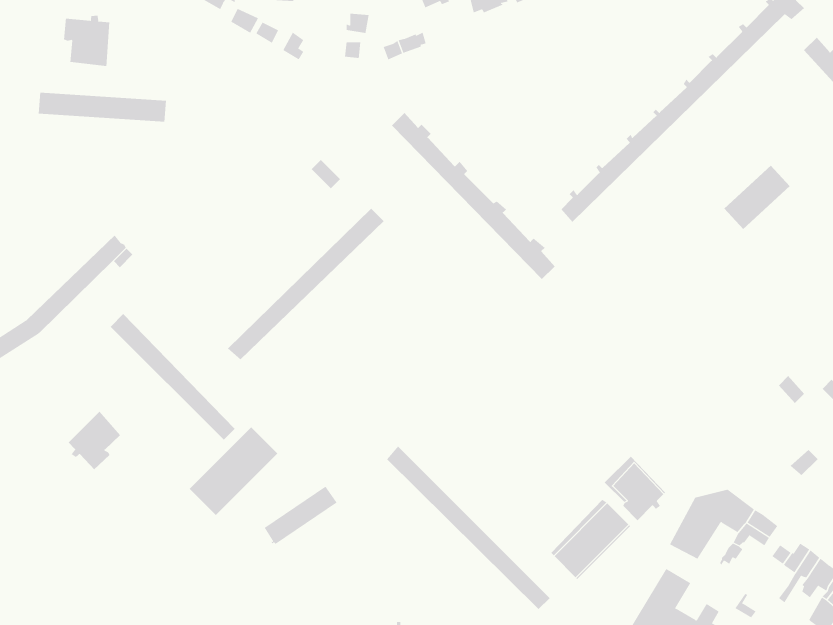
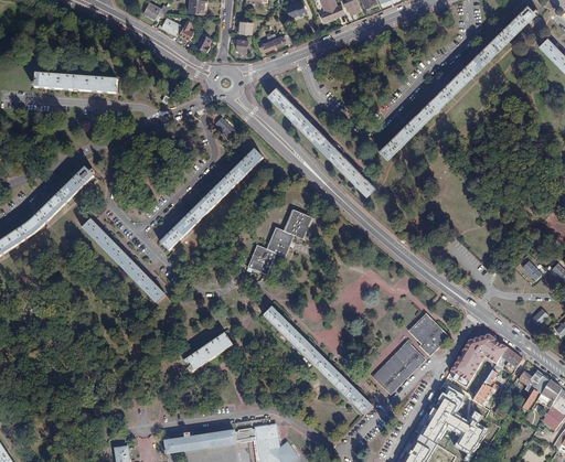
building: [64,15,110,67] -> none
building: [723,165,791,230] -> none
building: none -> [247,209,311,275]
building: [68,411,121,470] -> none
building: [189,426,278,516] -> none

